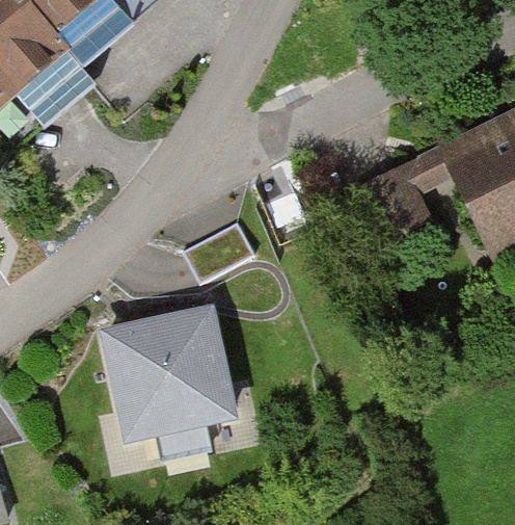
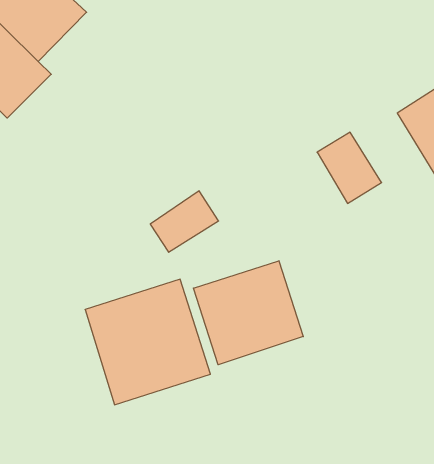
building: none -> [193,261,303,365]

